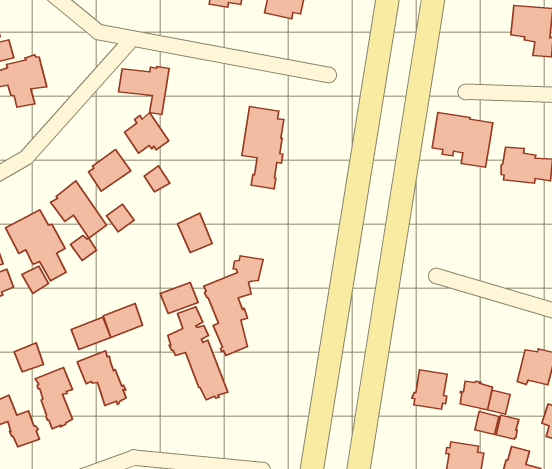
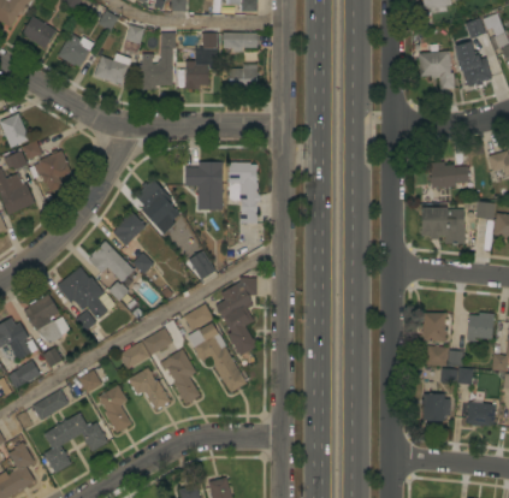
building: [118,67,169,114] -> [185,162,221,198]
building: [432,113,493,167] -> [421,208,464,244]
building: none -> [160,349,200,404]
building: [412,370,447,409] -> [421,313,448,340]

